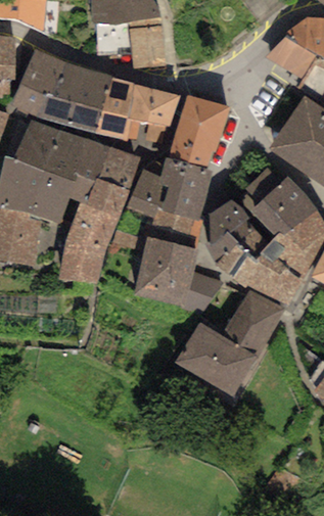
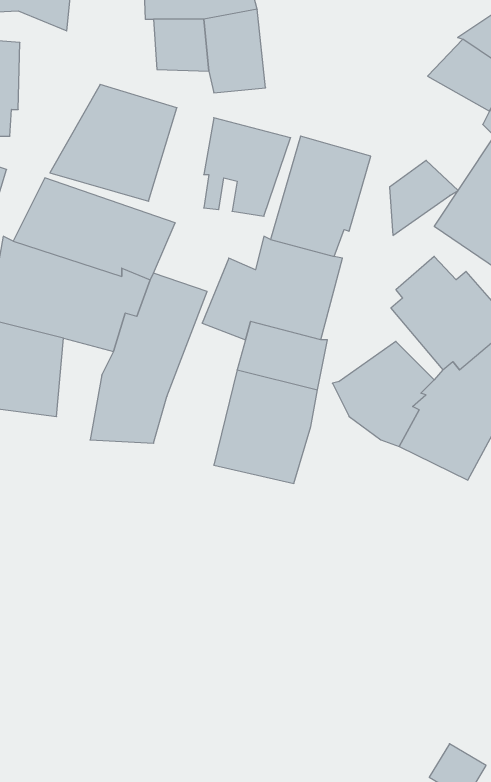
building: [12,48,64,116] -> none
building: [94,77,134,142] -> none
building: [97,147,140,189] -> none
building: [209,198,250,244] -> [390,160,458,235]
building: [183,272,225,315] -> none
building: [175,289,284,396] -> none

